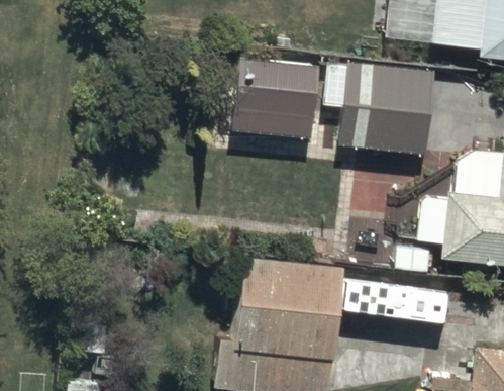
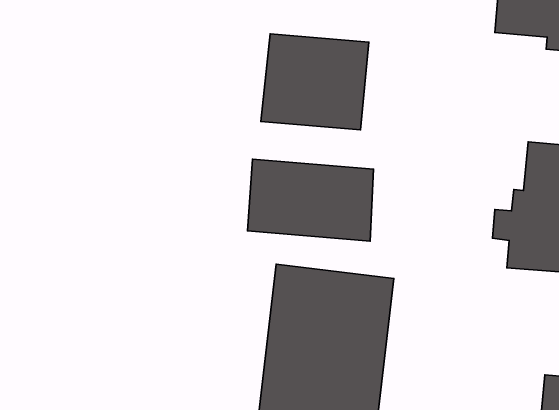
building: [336,76,428,166] -> none
building: none -> [248,159,374,241]

